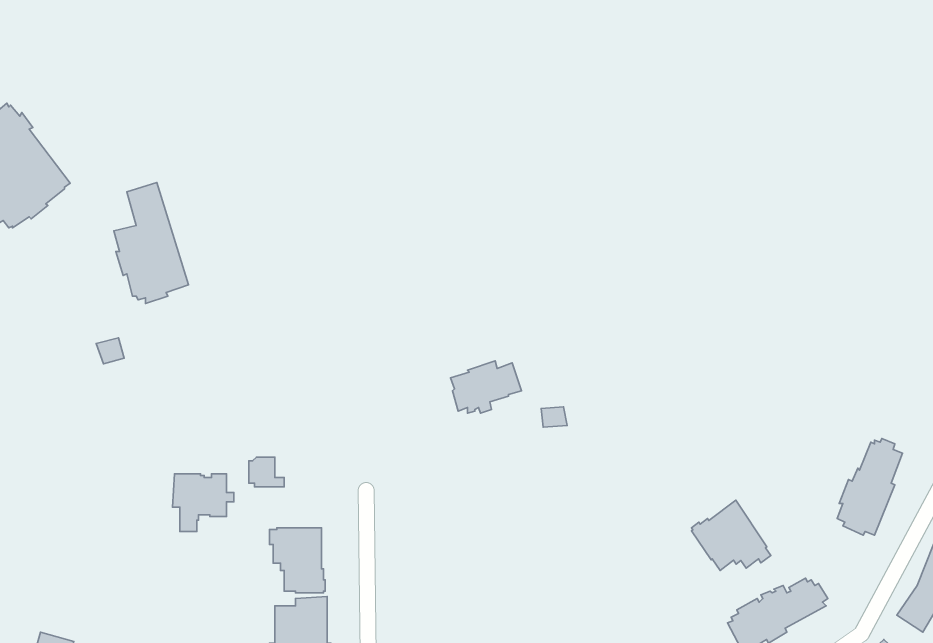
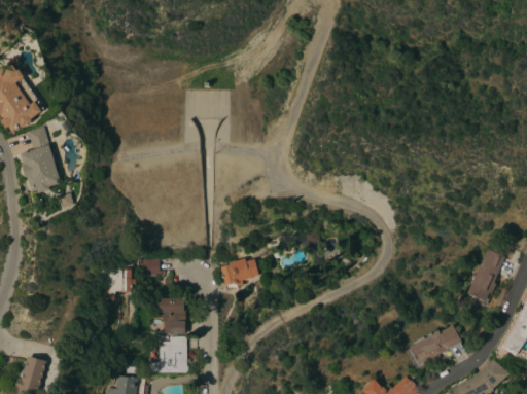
building: [114,183,188,304] -> [21,127,62,193]
building: [451,361,521,413] -> [219,258,258,287]
building: [692,500,771,571] -> none

